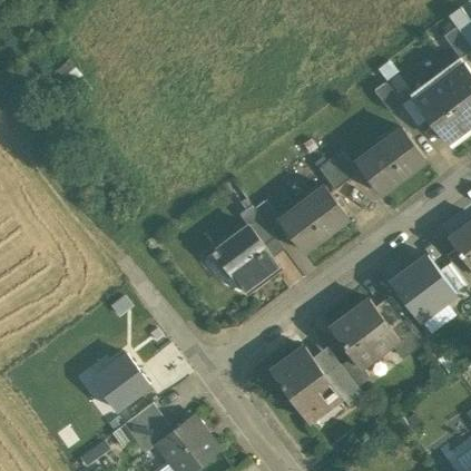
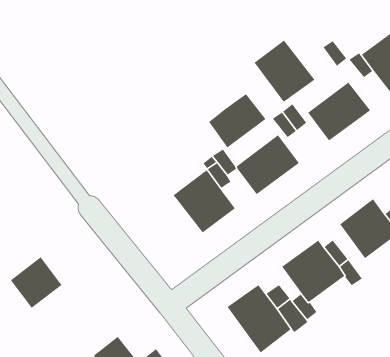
building: none -> [253,39,315,103]
building: none -> [208,93,266,148]
building: [91,353,148,410] -> [10,256,63,309]

